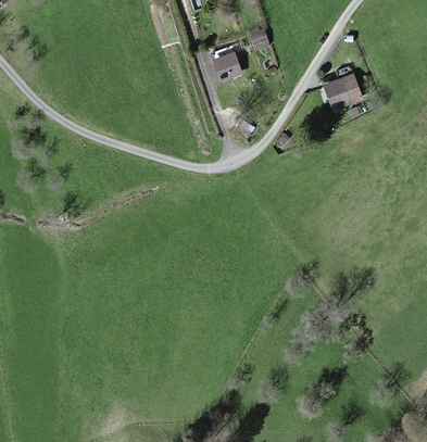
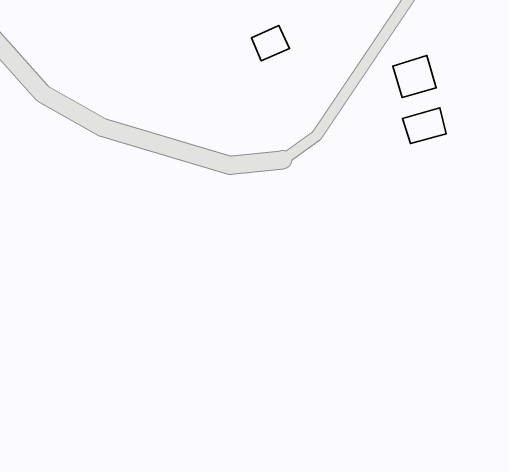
building: none -> [403,108,446,144]

